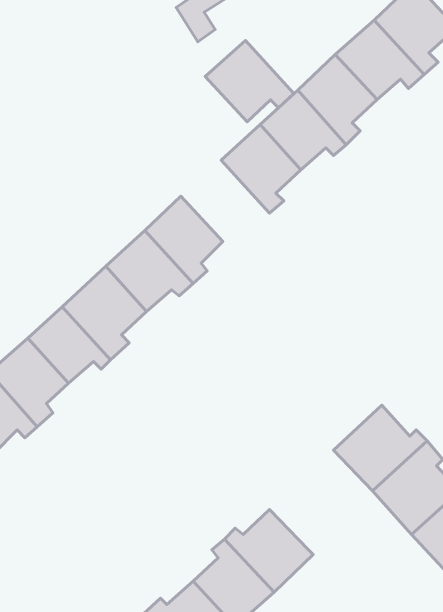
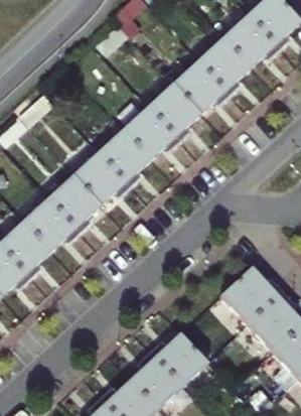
building: [205,41,294,122] -> [122,108,179,160]

